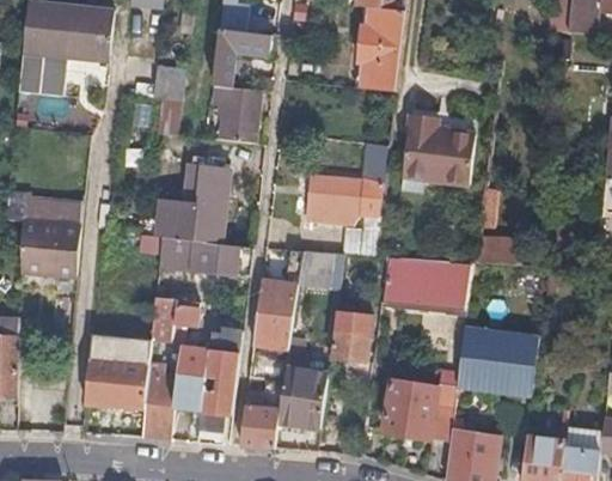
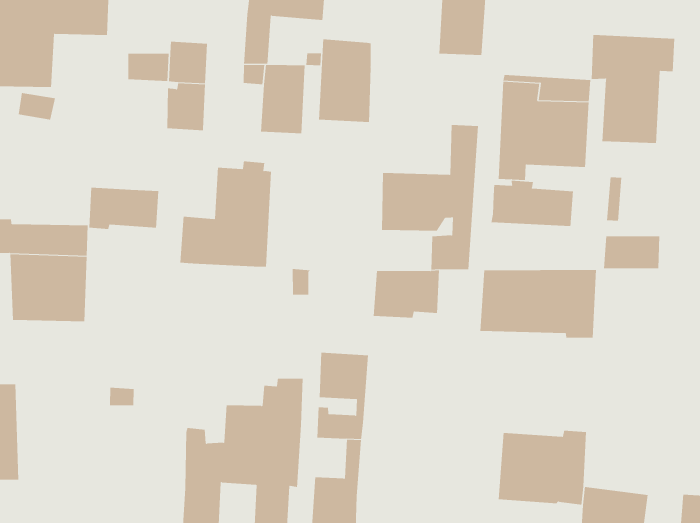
building: none -> [319,39,371,123]
building: none -> [591,34,675,144]
building: none -> [491,180,574,227]
building: [158,237,214,272] -> [88,187,159,230]
building: [256,250,302,316] -> none
building: [149,288,198,358] -> none
building: [332,311,372,361] -> none
building: [457,327,537,396] -> none
building: [86,360,148,409] -> none
building: [277,367,328,428] -> none

